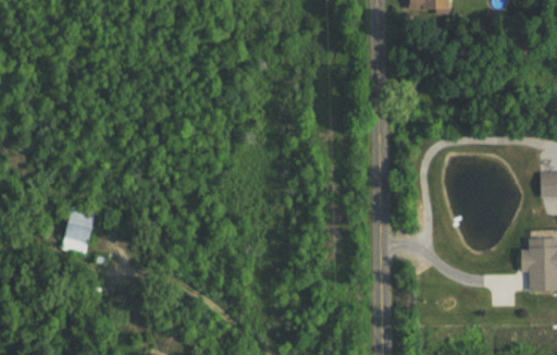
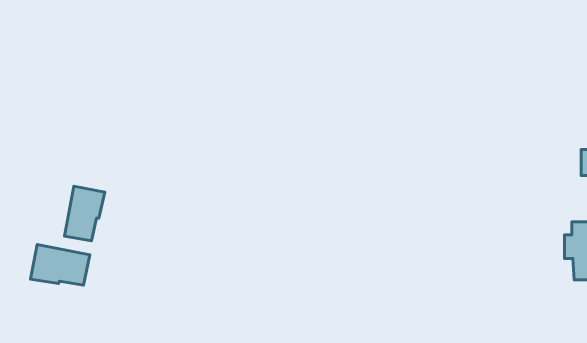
building: none -> [30,244,90,285]

